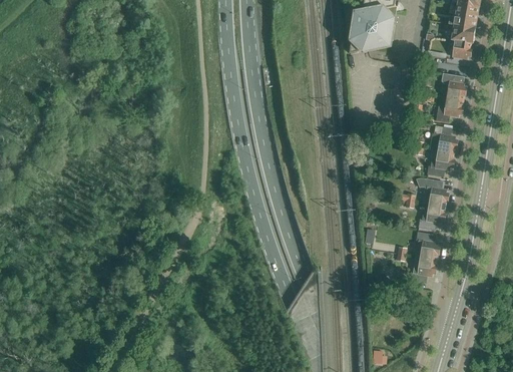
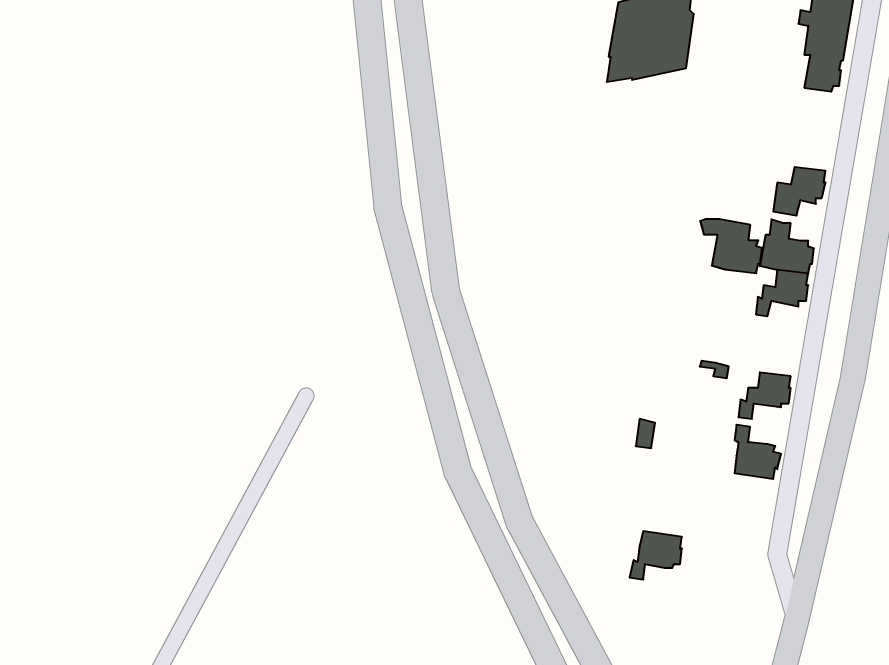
building: [441,72,466,99] -> none
building: [416,177,448,206] -> [700,219,762,273]
building: [409,256,436,281] -> [630,531,682,580]

